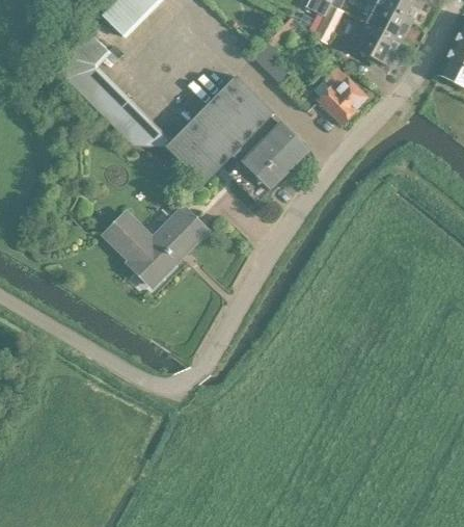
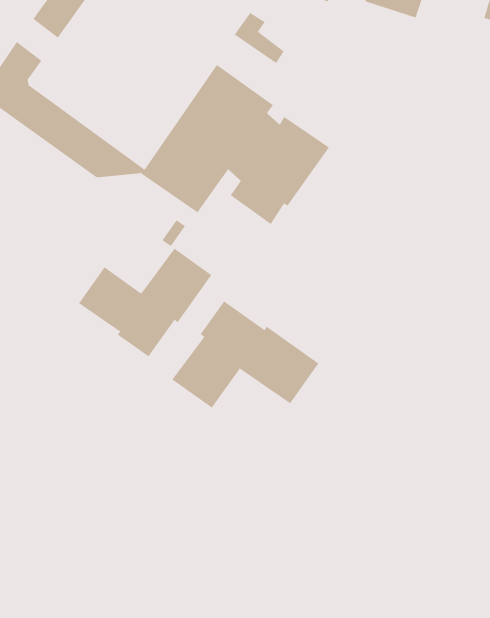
building: [317,67,369,124] -> none
building: none -> [172,300,319,409]

